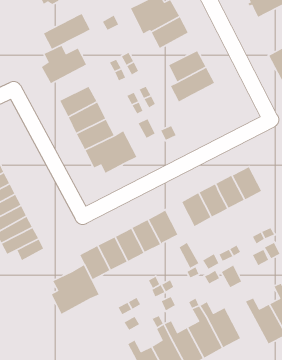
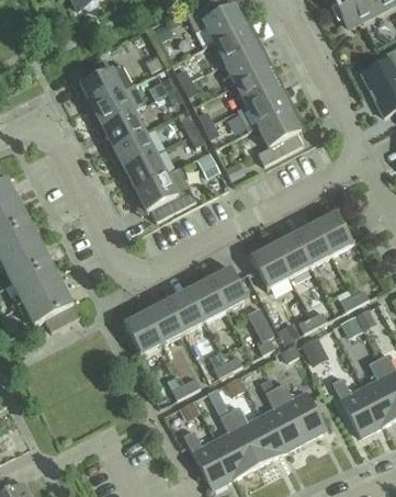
building: [43,13,91,50] -> [87,83,147,129]
building: none -> [224,44,272,84]
building: none -> [257,108,306,166]
building: [51,264,100,315] -> none

